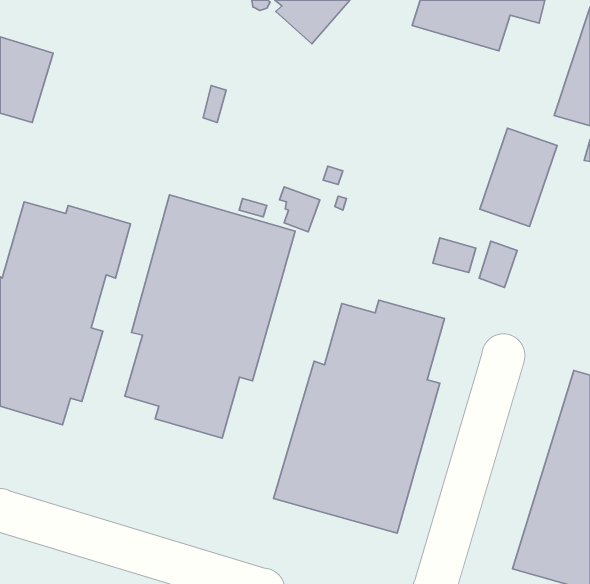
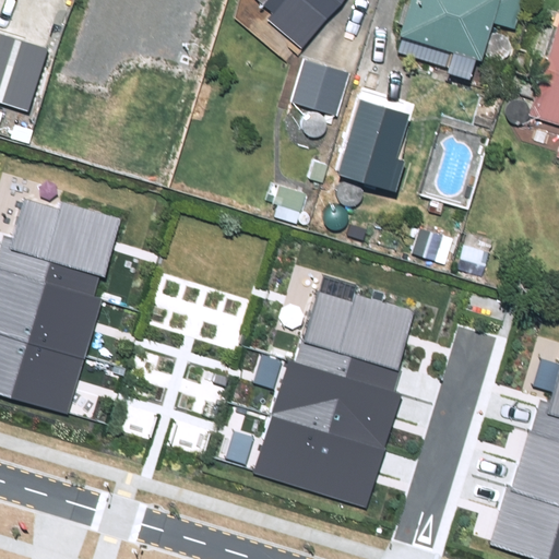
building: none -> [287,60,346,114]
building: [480,128,557,226] -> [329,91,402,183]
building: [125,195,295,438] -> none

